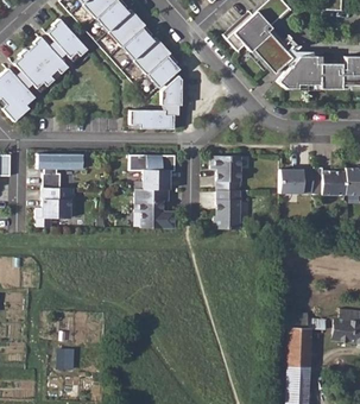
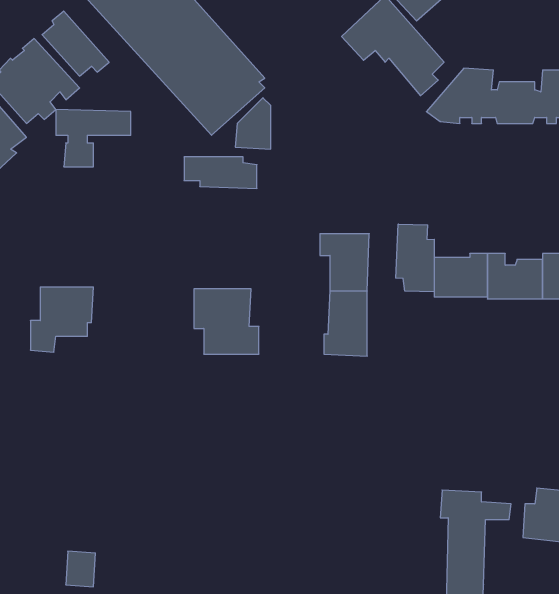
building: none -> [396,224,434,292]
building: [38,153,83,188] -> [56,110,131,167]
building: [131,154,176,189] -> none

